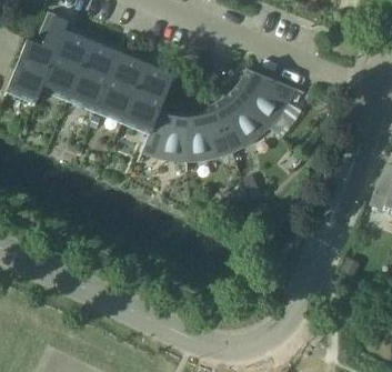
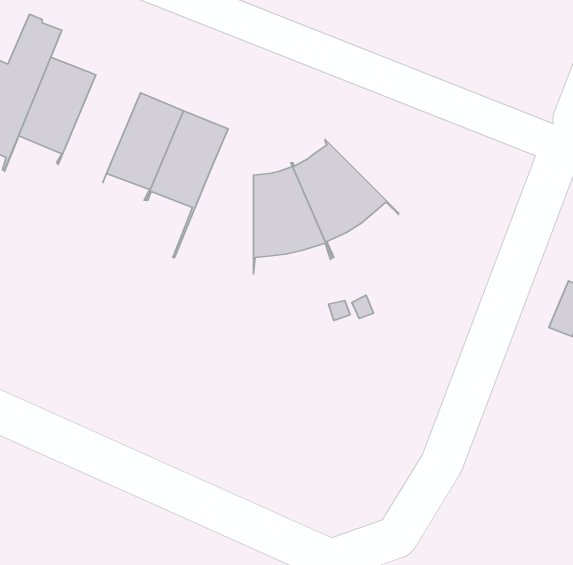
building: [66,49,117,115] -> none
building: [233,68,304,134] -> none
building: [138,105,187,172] -> none

